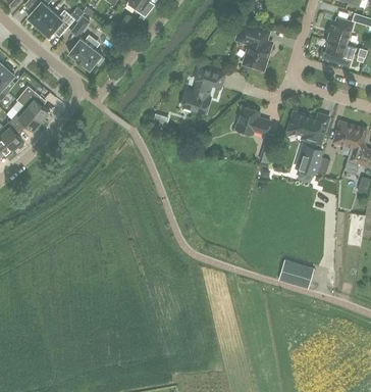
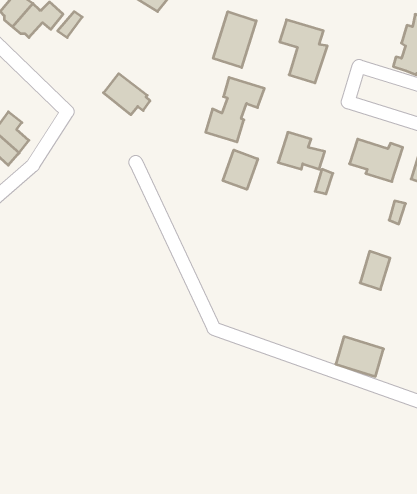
building: none -> [213,12,256,68]
building: [69,38,104,68] -> [103,74,150,115]
building: none -> [223,150,258,189]
building: [300,145,322,174] -> [360,251,390,290]

